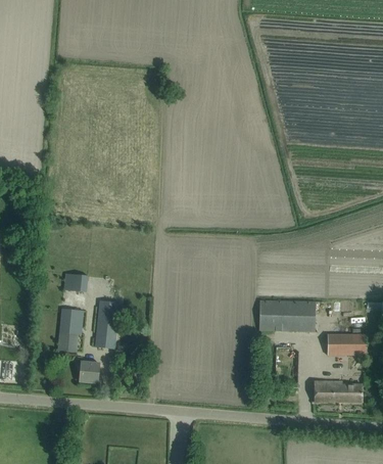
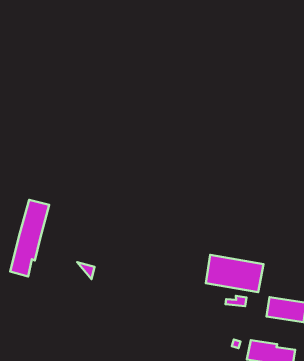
building: [94,300,130,349] -> none
building: [79,357,99,382] -> none

